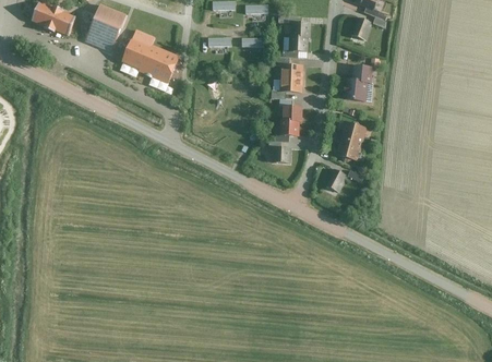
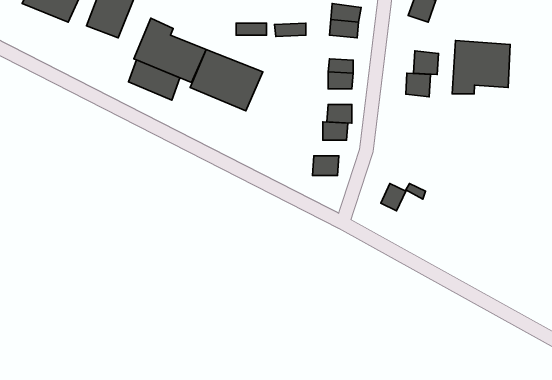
building: none -> [452,41,510,94]
building: none -> [190,50,263,111]
building: none -> [128,60,180,100]
building: [339,121,368,160] -> none

